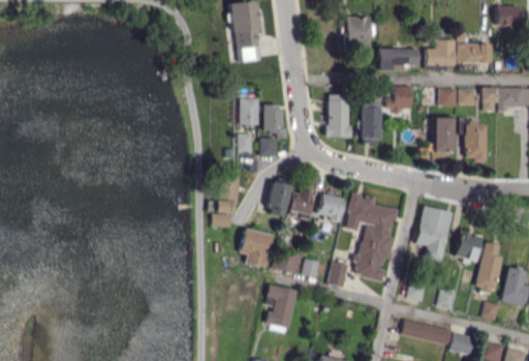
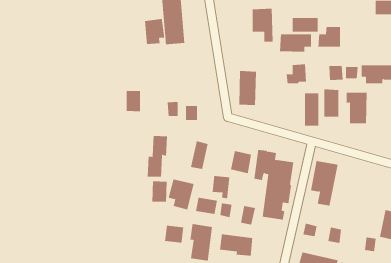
building: none -> [144,18,165,45]
building: [458,43,491,62] -> [292,17,318,32]
building: [240,98,258,125] -> [126,90,141,112]
building: [361,100,379,142] -> [304,93,319,126]
building: [263,104,284,138] -> none
building: [289,190,312,219] -> [212,176,230,199]
building: [455,231,481,262] -> none
building: none -> [152,181,167,203]
building: [476,242,503,293] -> none
building: none -> [164,225,184,244]
building: none -> [220,234,253,257]

